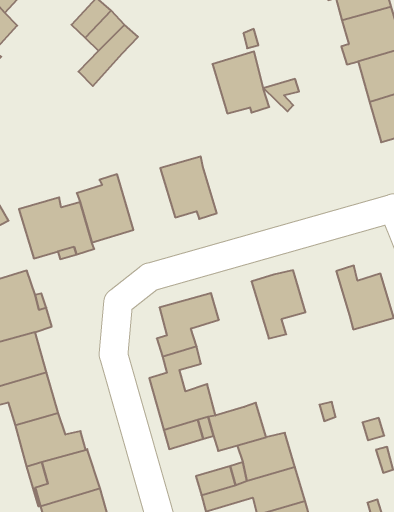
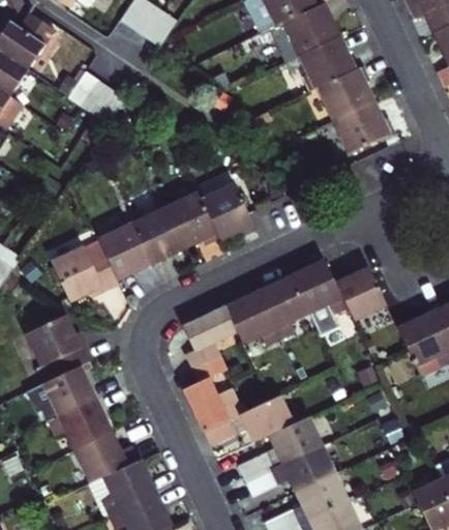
building: [212,51,269,113] -> [201,183,256,240]
building: none -> [128,207,184,264]
building: none -> [293,261,348,334]
building: none -> [226,292,281,346]

